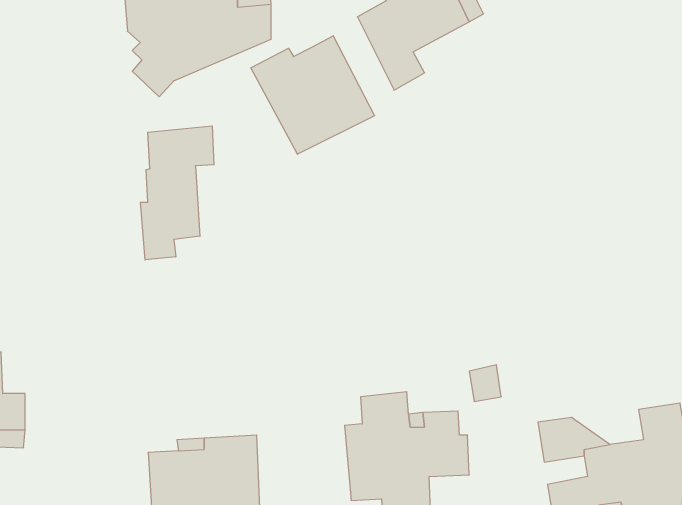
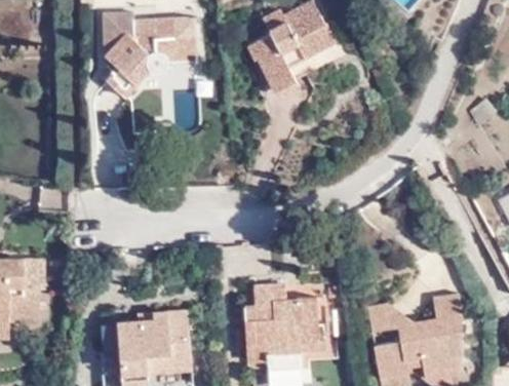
building: [251,36,375,154] -> none
building: [140,126,214,260] -> none

